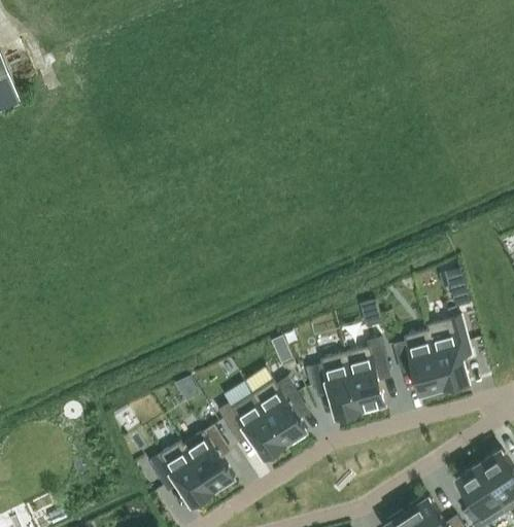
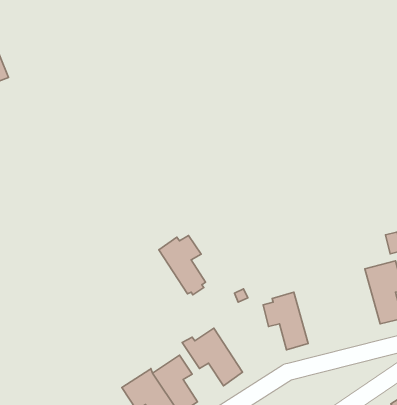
building: [393,331,444,396] -> none
building: [345,340,390,416] -> none
building: [253,379,307,447] -> [159,235,205,295]

